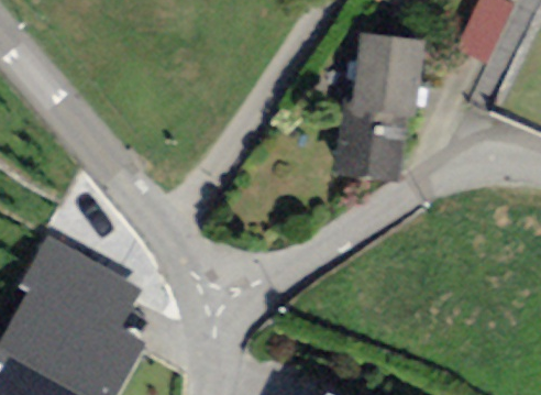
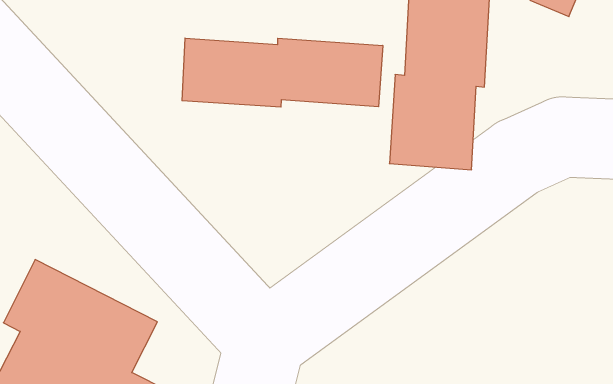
building: none -> [182,38,383,107]

